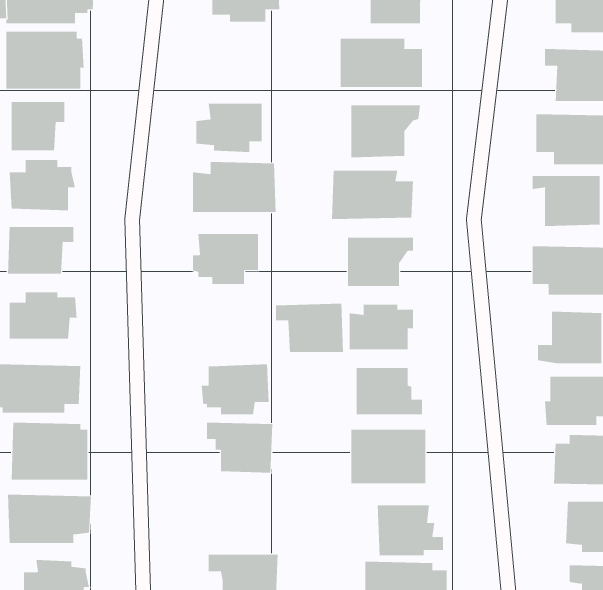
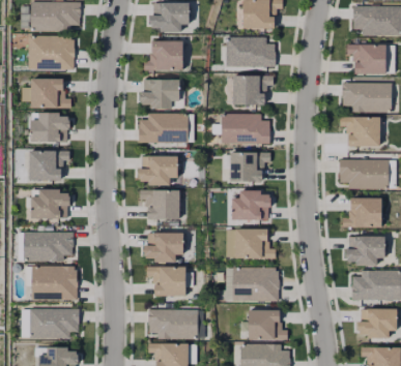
building: none -> [151,38,183,68]
building: [275,303,344,353] -> [140,188,180,217]
building: none -> [148,308,198,338]

